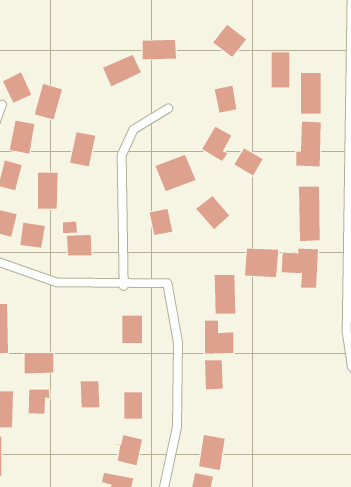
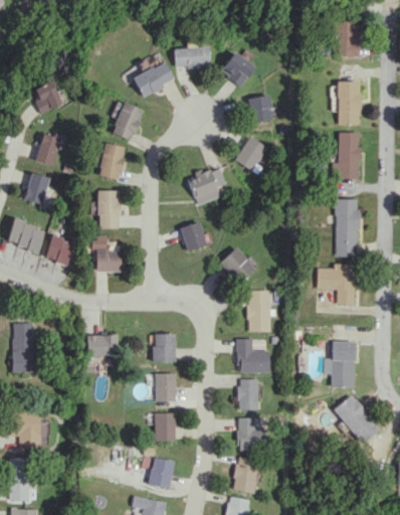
building: [212,24,247,58] -> [219,51,255,87]
building: [271,52,290,88] -> [338,19,358,56]
building: [34,83,63,120] -> [113,103,143,141]
building: [233,147,264,176] -> none
building: [37,172,58,209] -> [98,190,121,228]
building: [195,195,230,230] -> [219,247,255,284]
building: [244,248,279,278] -> none
building: none -> [324,341,356,387]
building: [24,352,54,374] -> [86,335,118,357]
building: none -> [335,394,380,444]
building: [80,381,100,408] -> [155,373,176,401]
building: [28,389,50,415] -> none
building: none -> [237,417,261,451]

